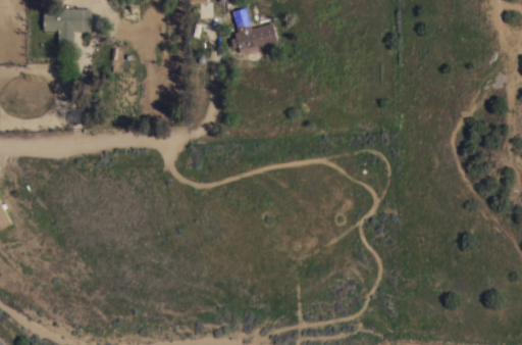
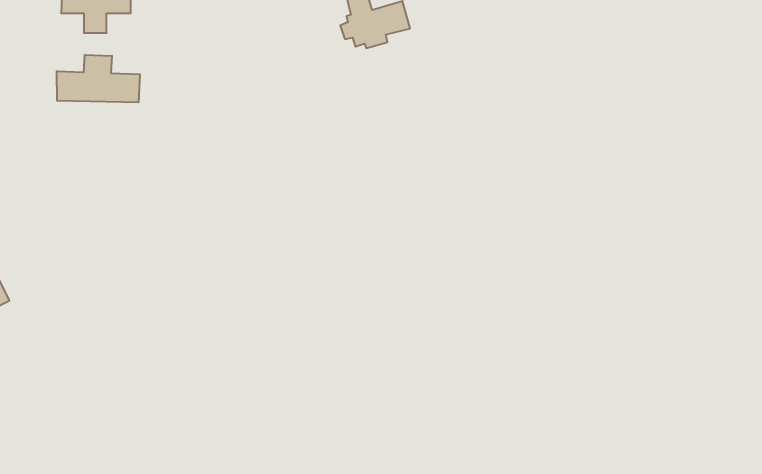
building: none -> [57,55,140,102]

